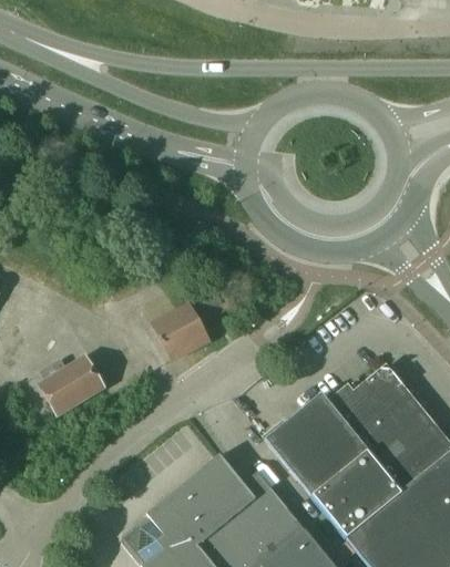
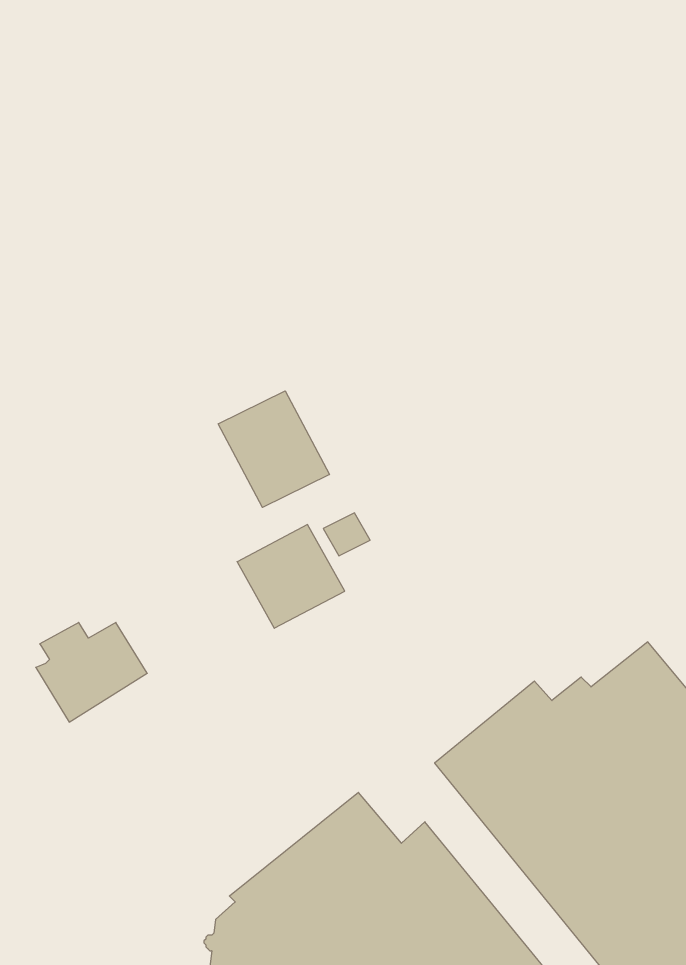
building: none -> [218,391,329,507]

